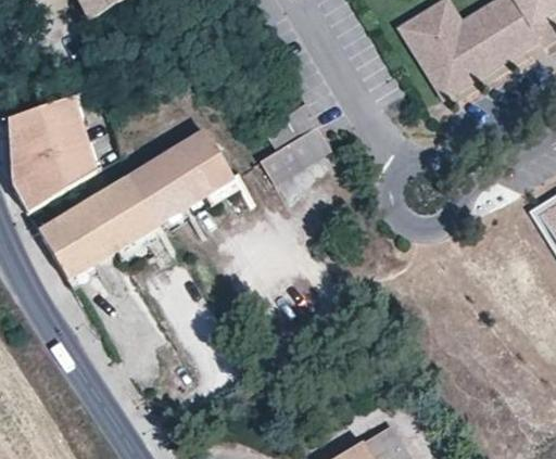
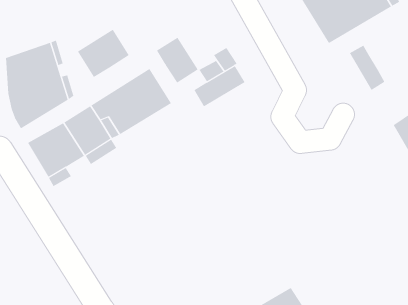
building: none -> [77,29,129,78]
building: none -> [156,37,199,83]
building: none -> [349,45,385,91]

